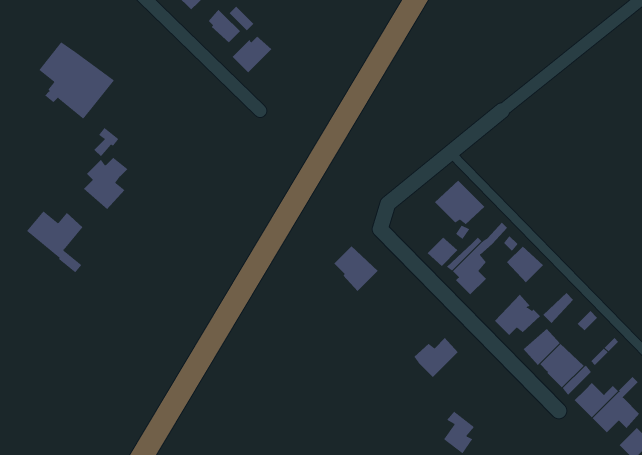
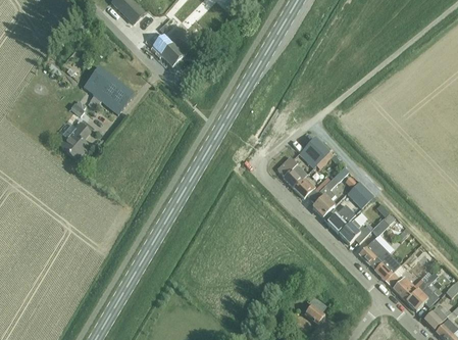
building: [38,41,115,119] -> [84,66,136,119]
building: [26,211,83,273] -> none
building: [333,245,378,292] -> [277,156,308,188]
building: [413,337,458,378] -> [324,204,355,232]

